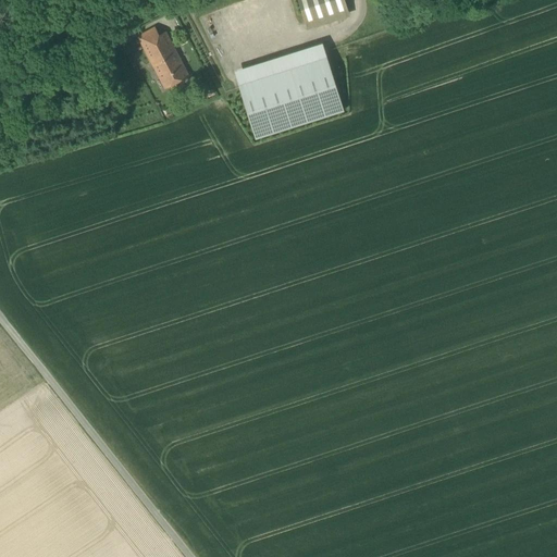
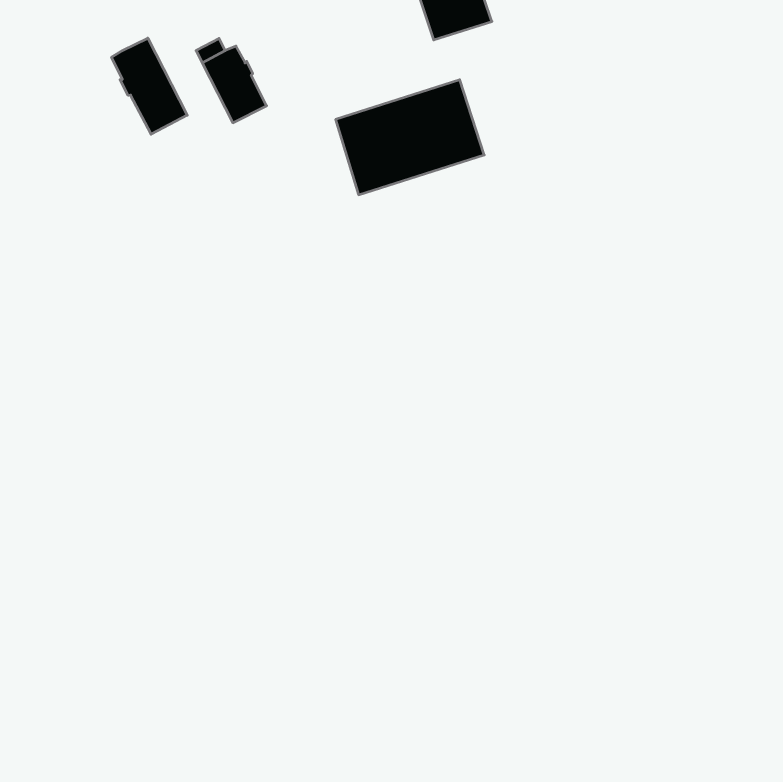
building: none -> [112,38,187,134]
building: [234,42,326,85] -> none

